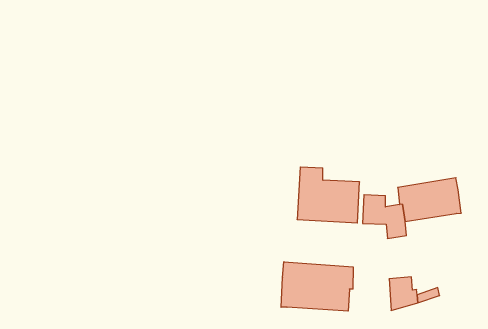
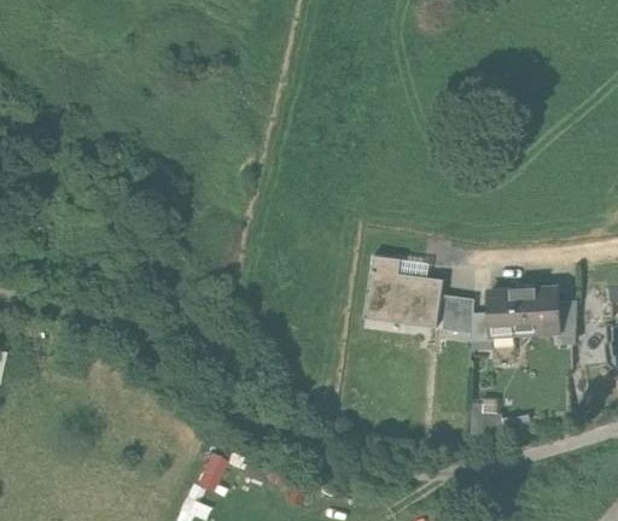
building: none -> [554,299,577,344]
building: [281,262,353,311] -> none

